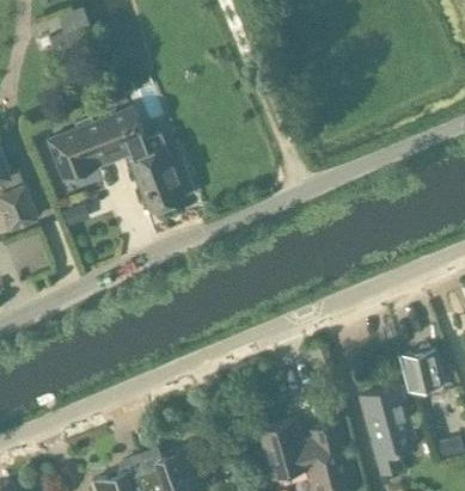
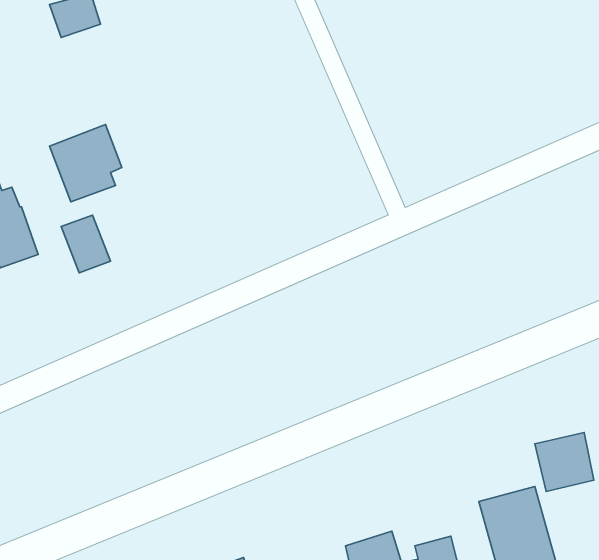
building: [85,110,182,214] -> none

